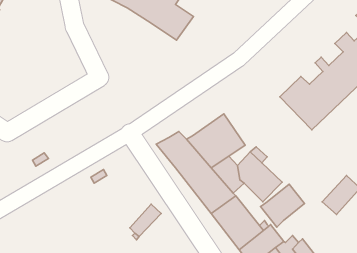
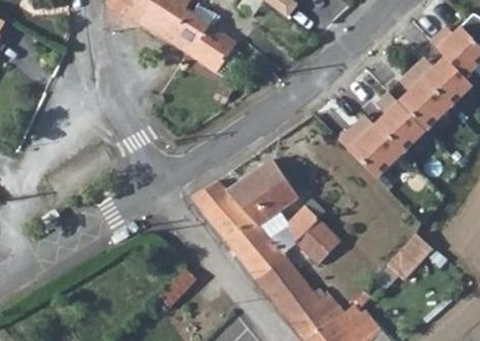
building: [260,184,305,227] -> none

